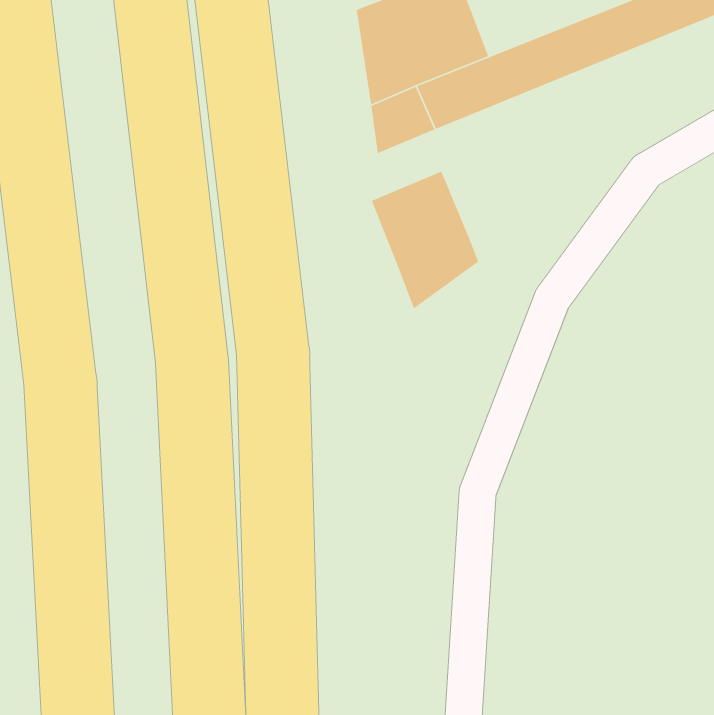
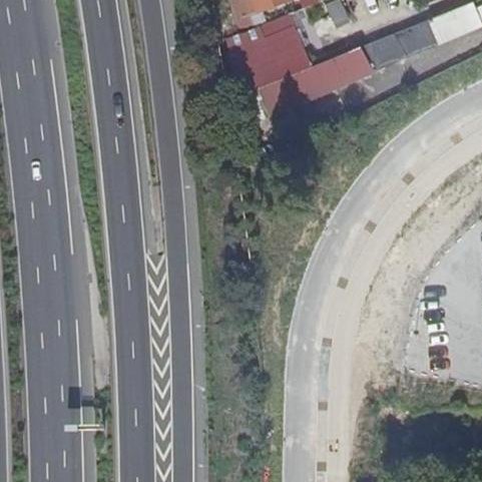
building: [371,171,479,310] -> none

